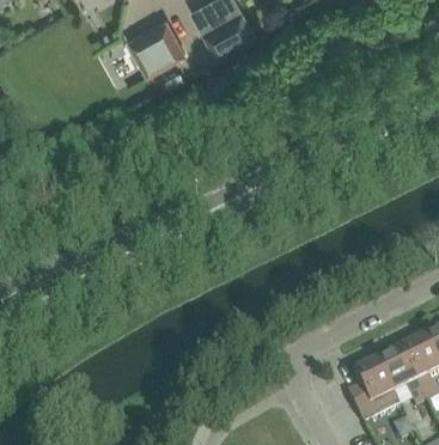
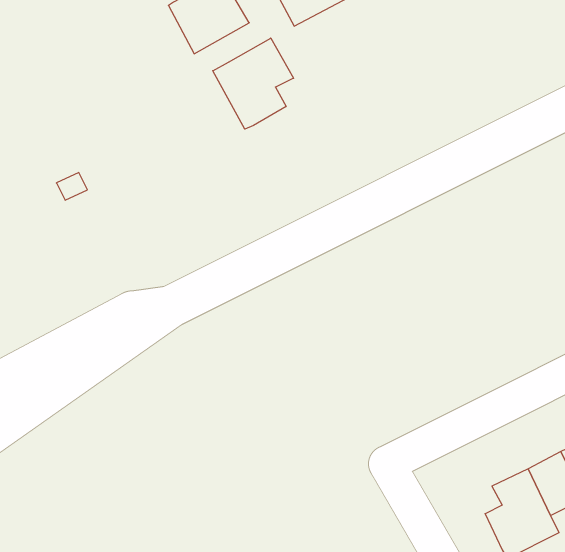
building: none -> [213,38,294,129]

